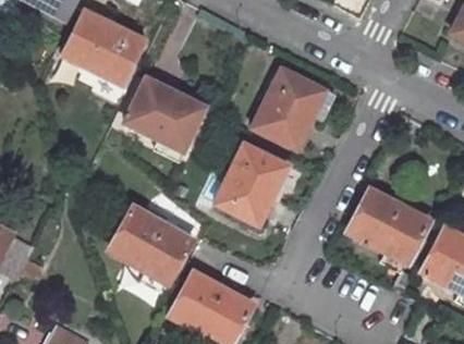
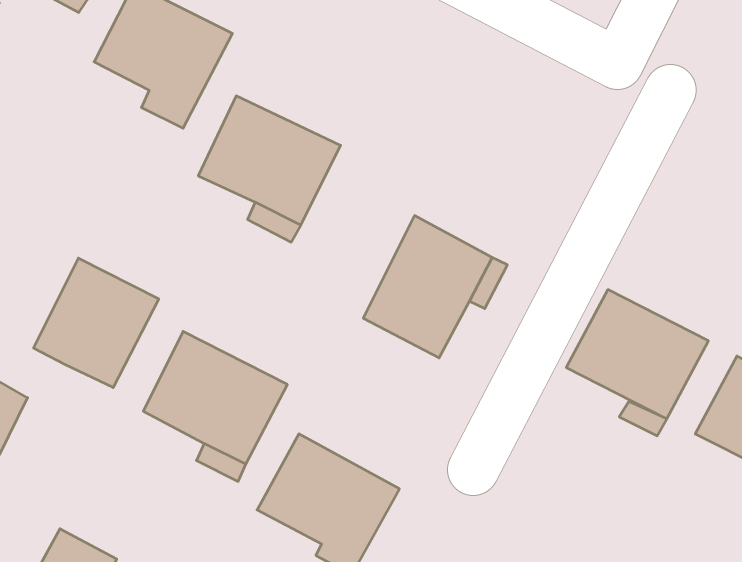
building: [265,70,351,151] -> none
building: none -> [34,258,159,388]

